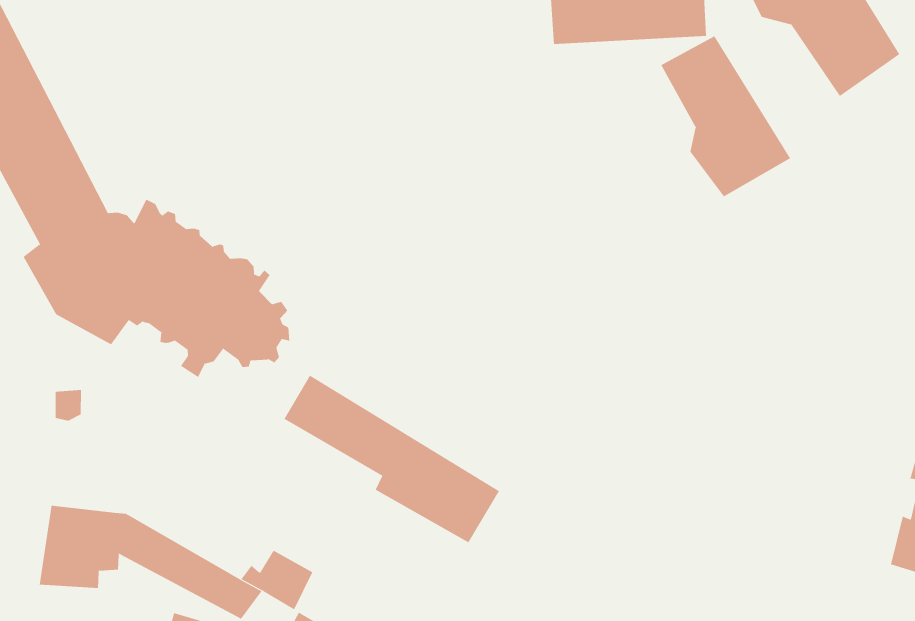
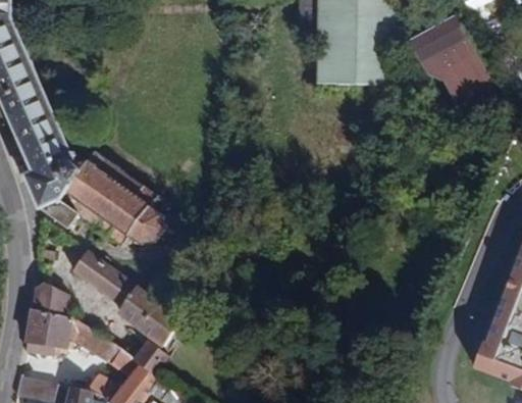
building: [660,35,791,197] -> none
building: [283,375,500,543] -> [69,249,181,344]
building: none -> [32,282,66,315]

